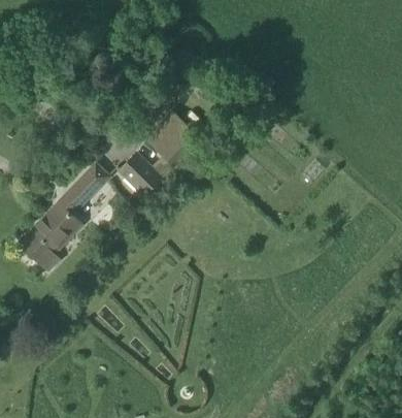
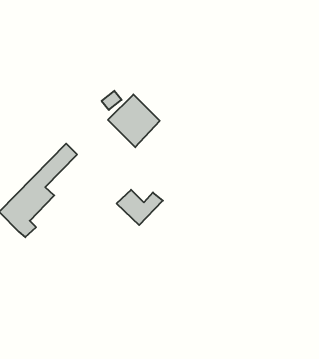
building: [121,154,173,194] -> [117,190,163,225]

